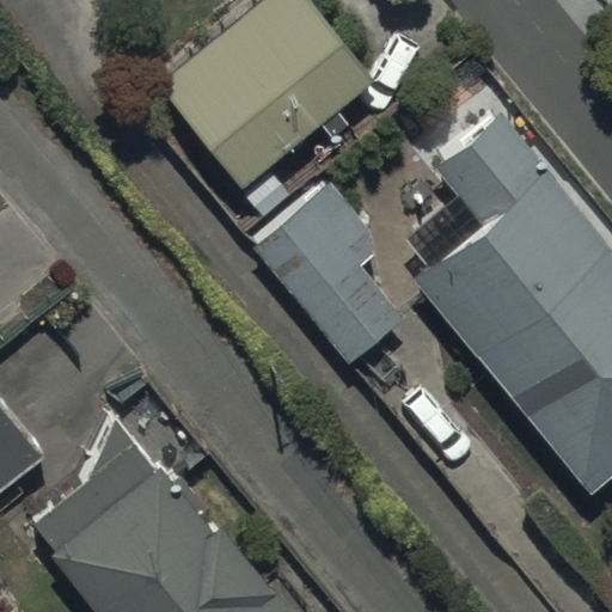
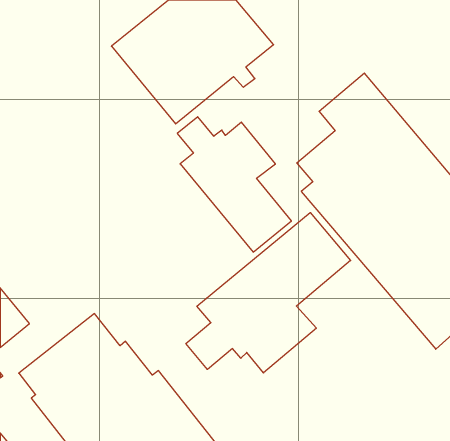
building: none -> [186,213,351,373]

